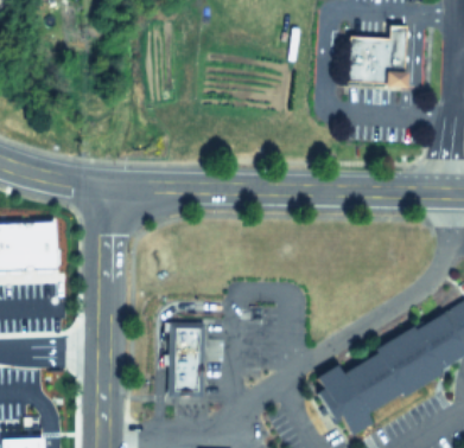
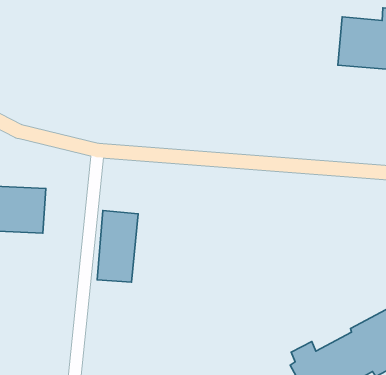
building: [167,322,204,392] -> [97,210,138,282]

